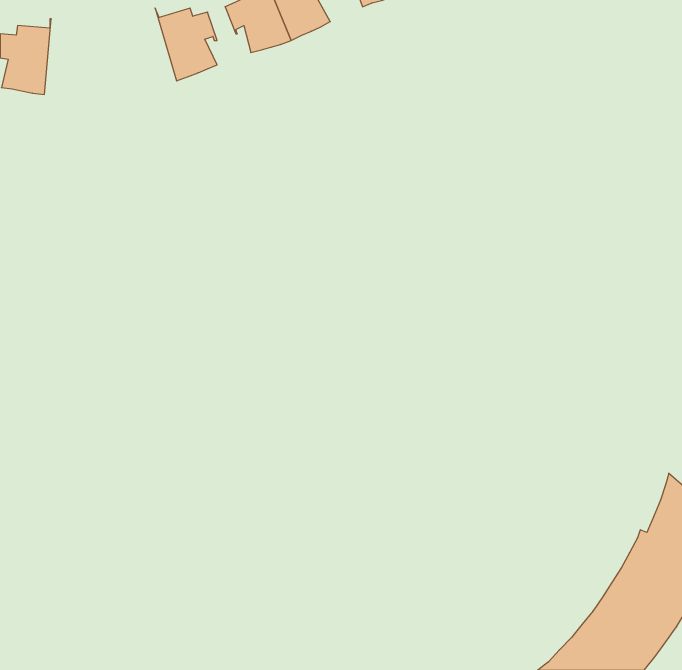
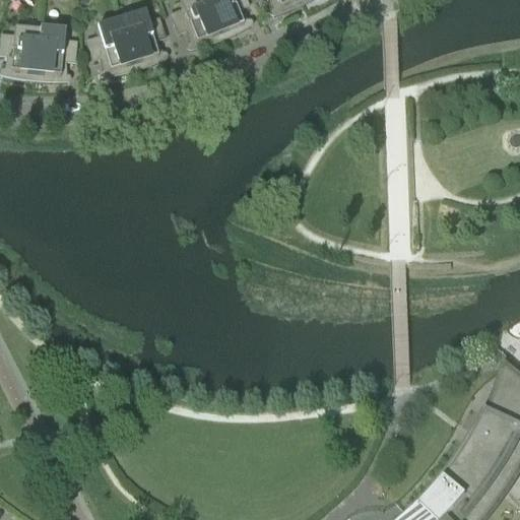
building: none -> [90,6,138,68]
building: none -> [39,14,79,72]

